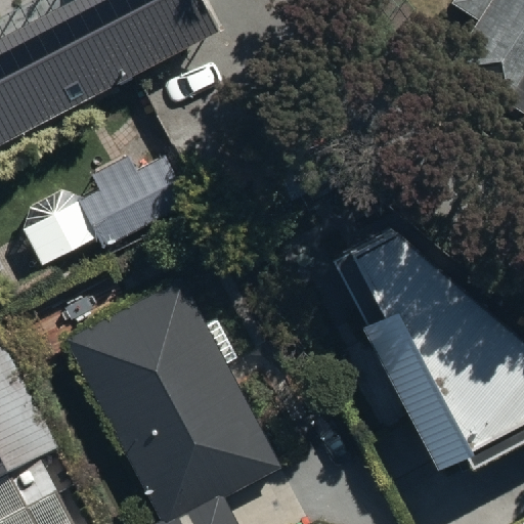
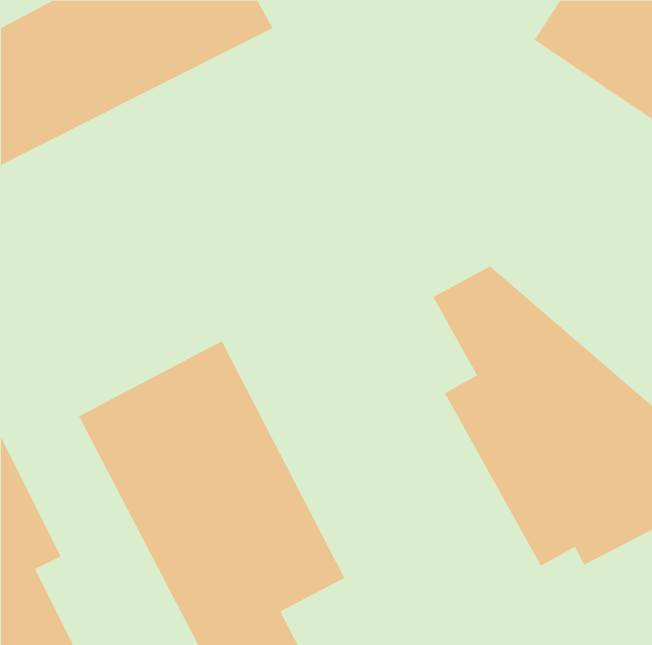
building: [28,156,187,267] -> none

